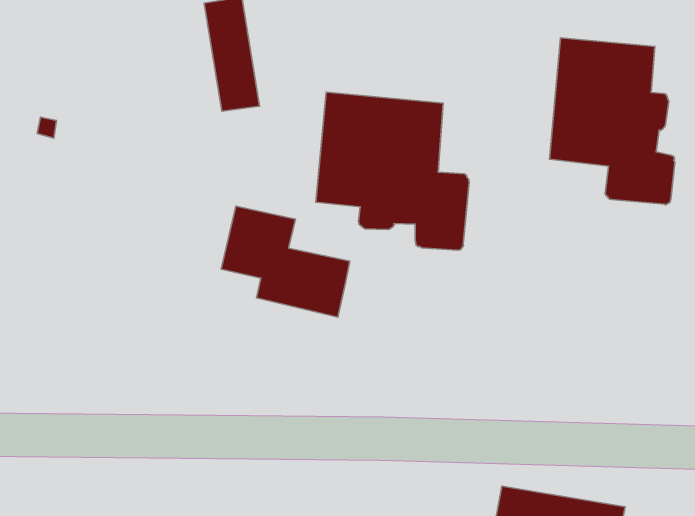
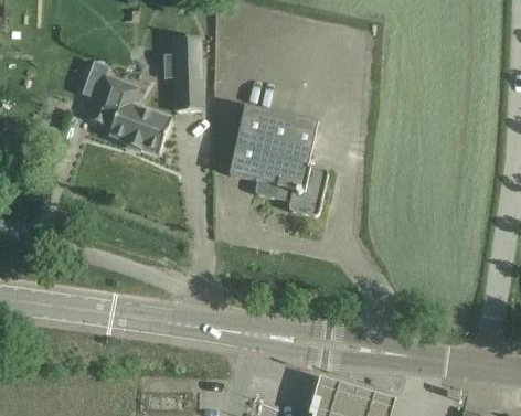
building: [550,38,675,205] -> none
building: [221,206,350,317] -> [86,75,168,153]

